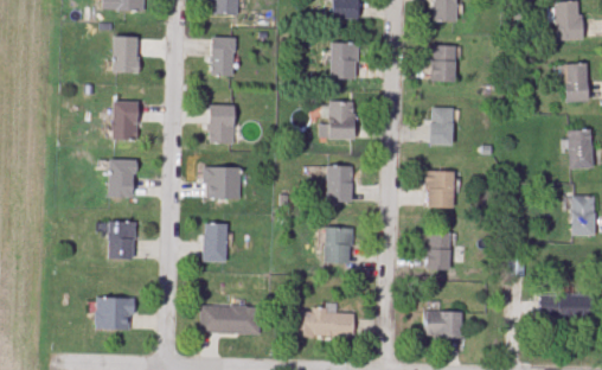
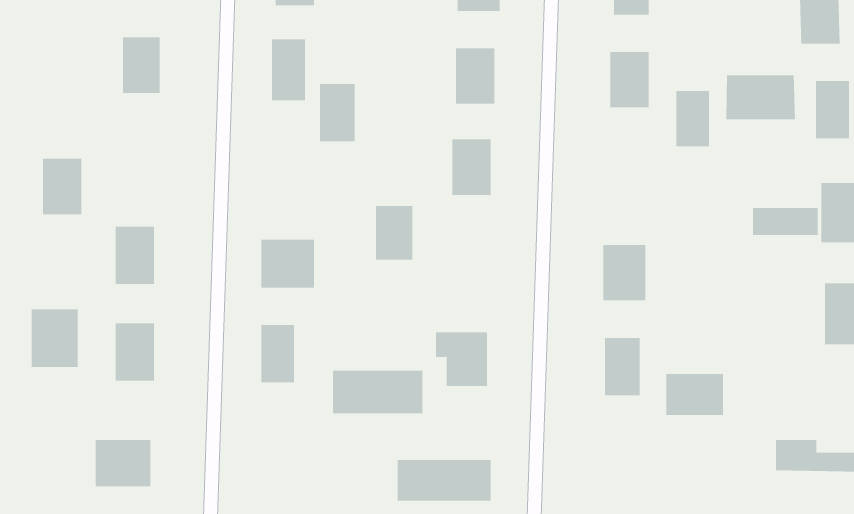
building: none -> [726,74,796,120]
building: [113,102,139,139] -> [42,158,82,215]
building: [210,106,233,143] -> [319,84,356,142]
building: [431,108,454,145] -> [675,90,710,147]
building: none -> [753,207,818,236]
building: [327,166,352,202] -> [375,205,413,260]
building: none -> [31,308,78,368]
building: [200,306,260,334] -> [332,370,423,414]
building: [423,311,461,338] -> [666,374,724,415]

